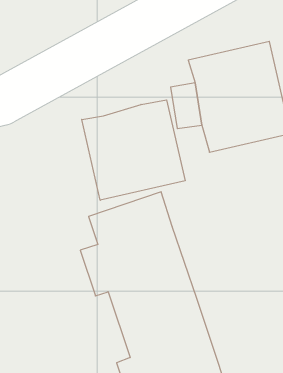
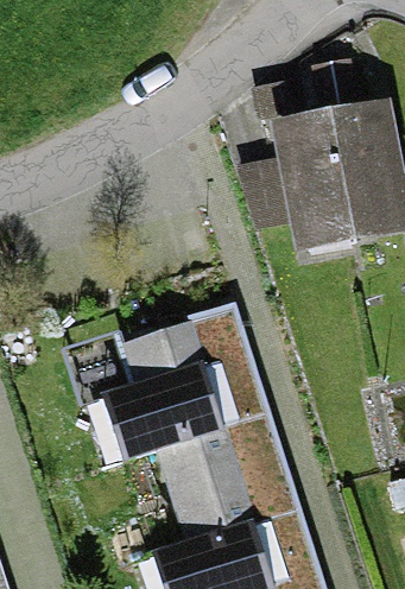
building: [82,100,185,200] -> none

